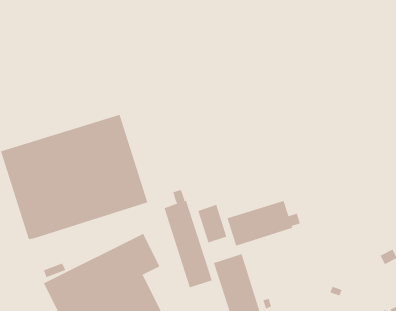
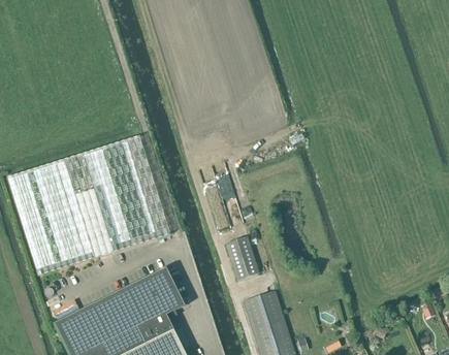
building: [164,189,213,288] -> none
building: [227,200,300,247] -> none

